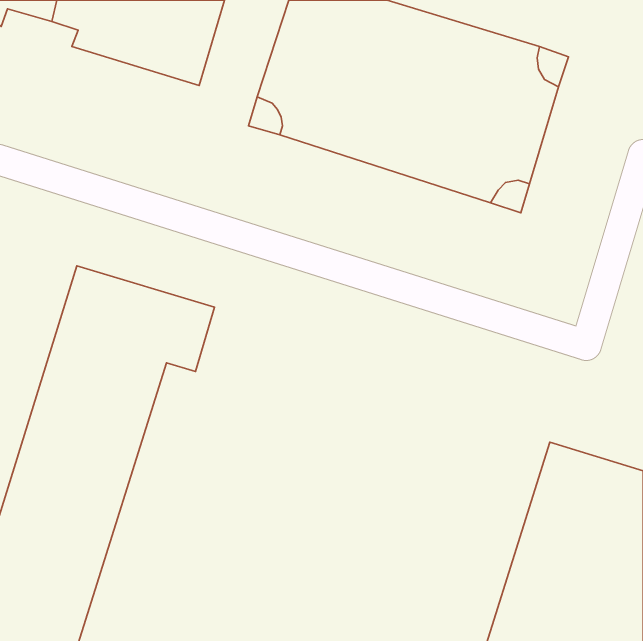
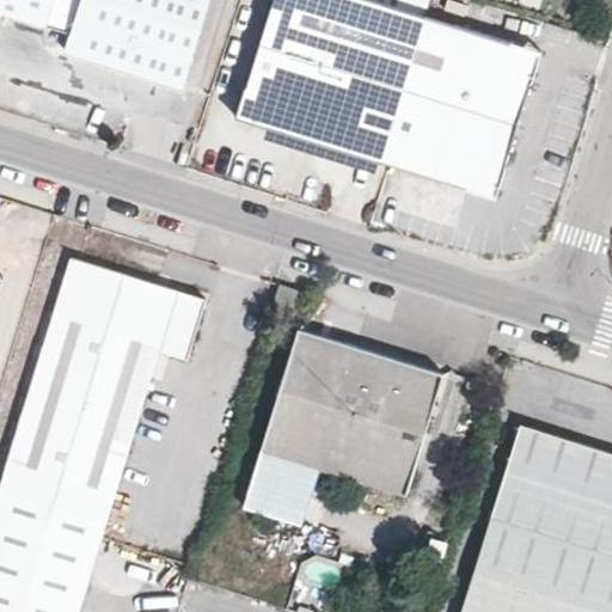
building: none -> [243,328,441,524]

